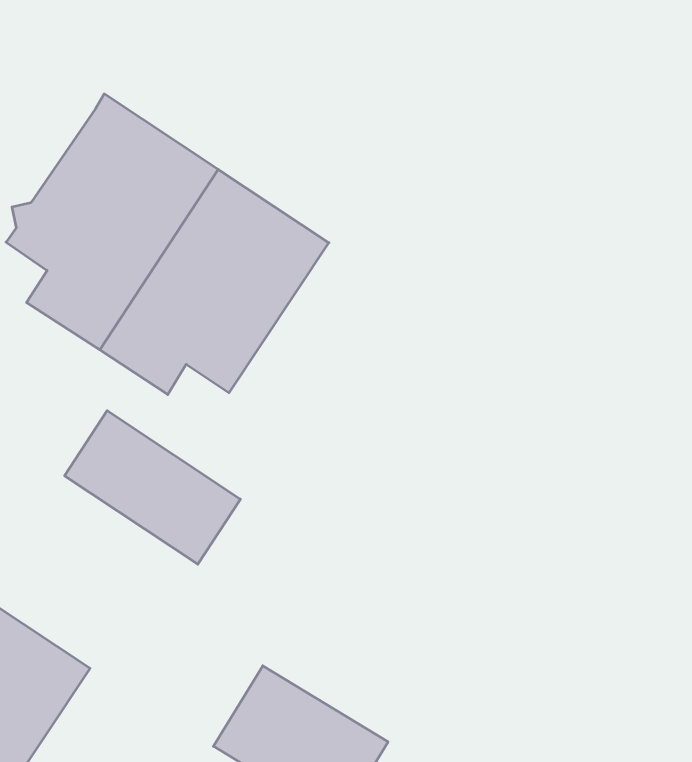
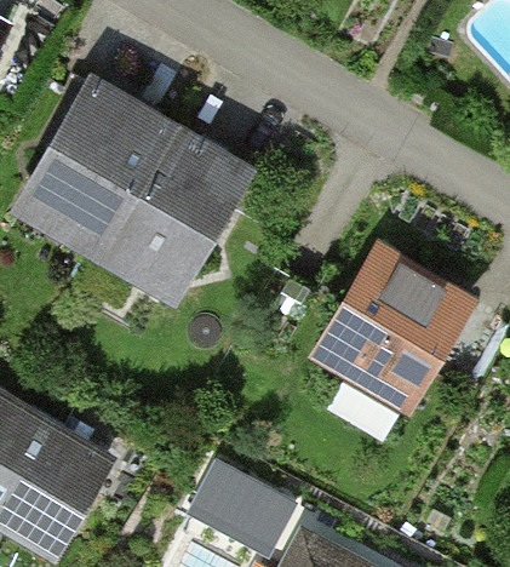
building: none -> [323,257,468,407]
building: [65,411,240,564] -> none

